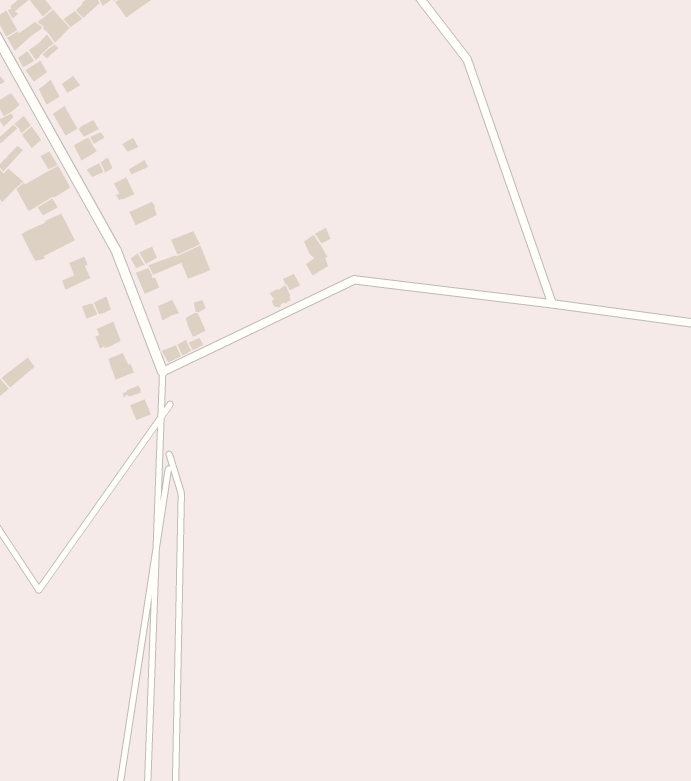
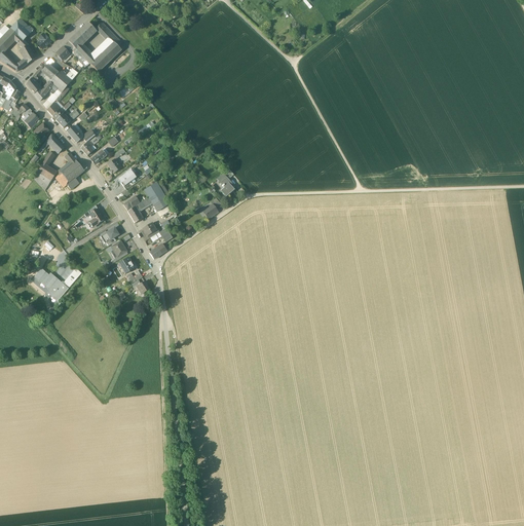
building: [21,213,76,261] -> none

